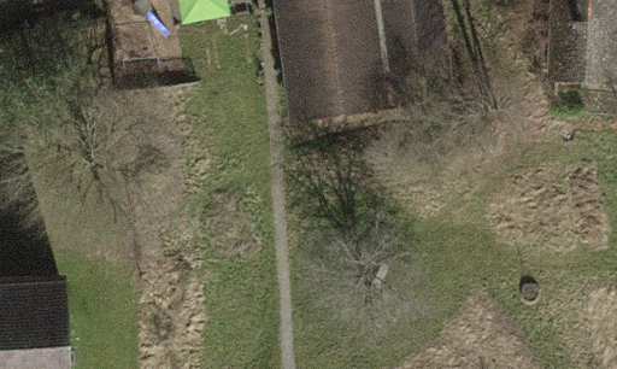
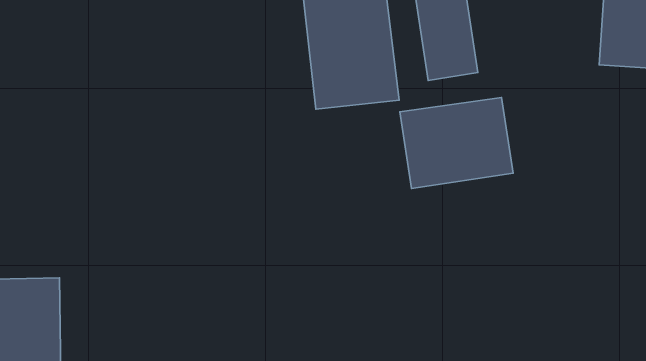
building: none -> [400,98,513,189]

